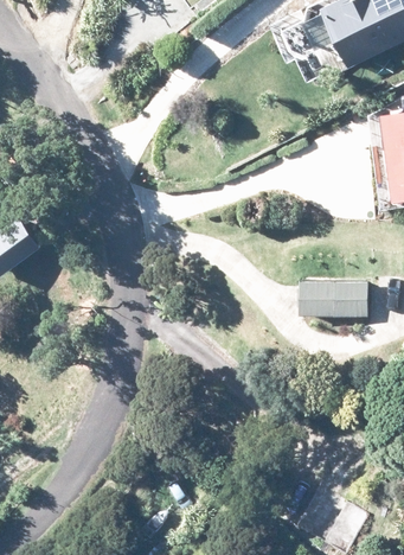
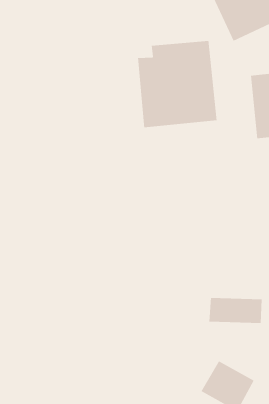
building: none -> [137,40,217,128]
building: [294,283,365,318] -> [208,297,263,324]

